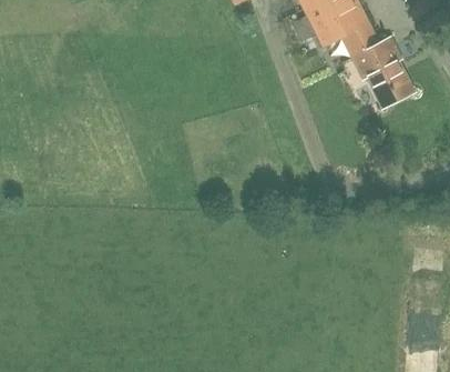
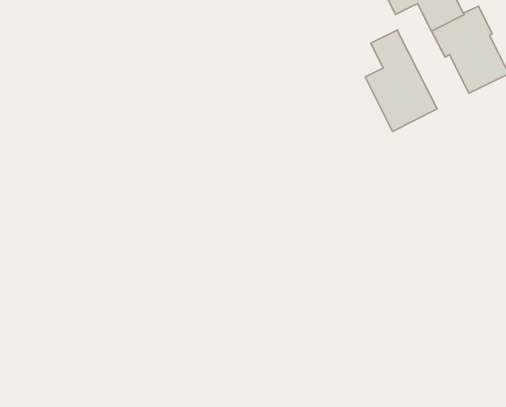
building: none -> [365,30,437,131]

